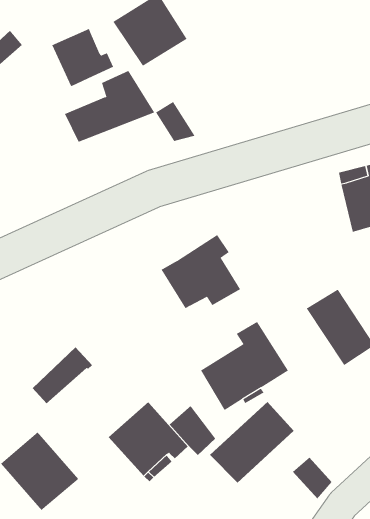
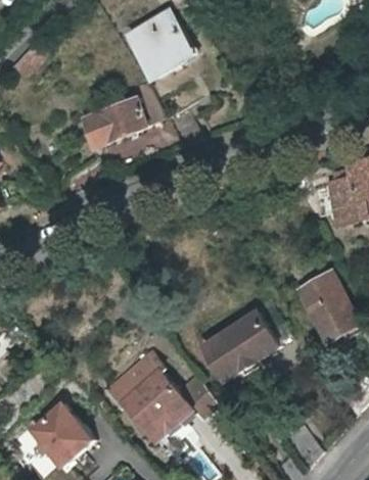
building: [51,28,114,87] -> none
building: [161,234,241,309] -> none
building: [32,347,93,404] -> [108,353,163,404]
building: [209,401,295,483] -> none

